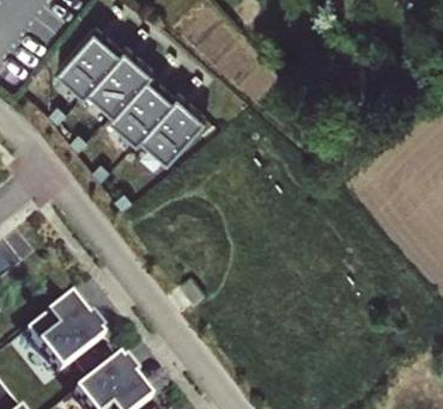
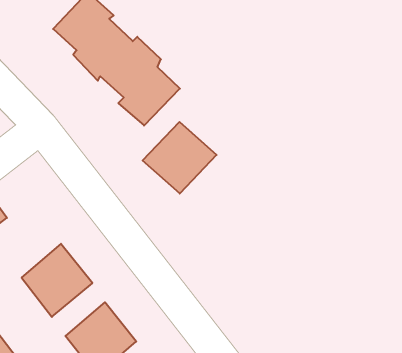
building: none -> [143,122,217,194]

